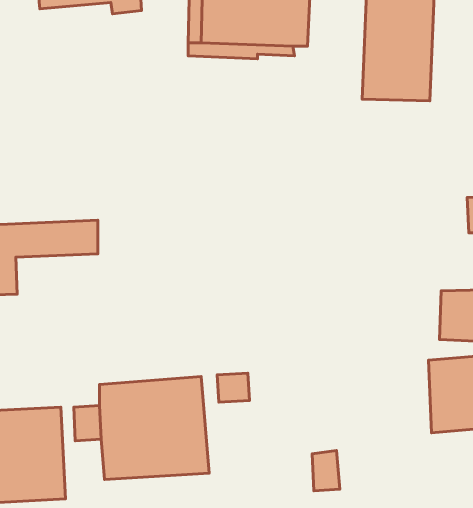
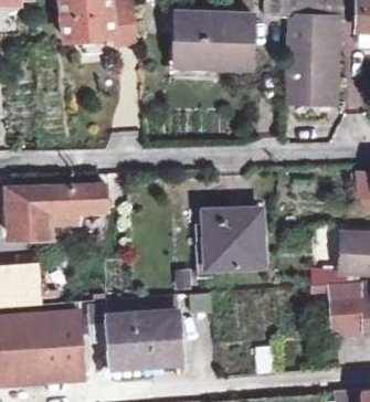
building: none -> [205,207,265,269]

